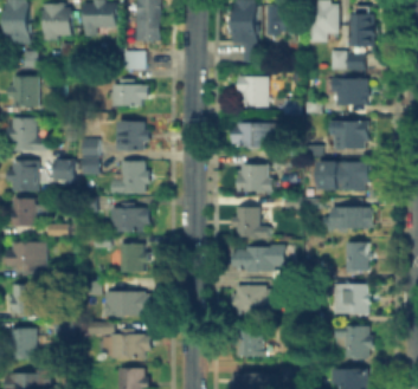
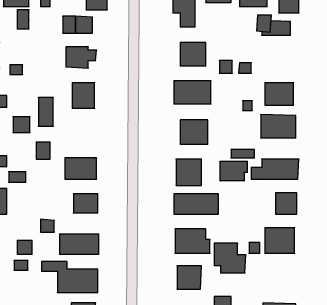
building: [335,80,368,106] -> none
building: [111,163,147,194] -> none
building: none -> [220,161,247,181]
building: [336,325,372,358] -> [214,243,246,273]

